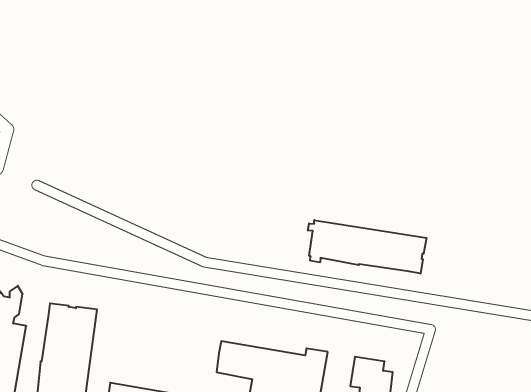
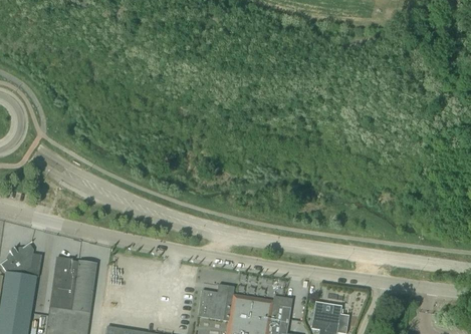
building: [308,220,427,274] -> none

